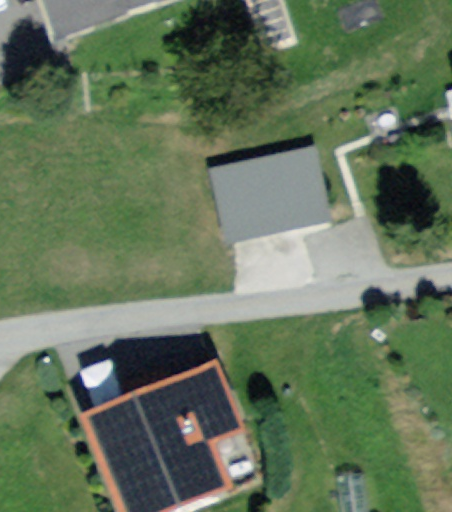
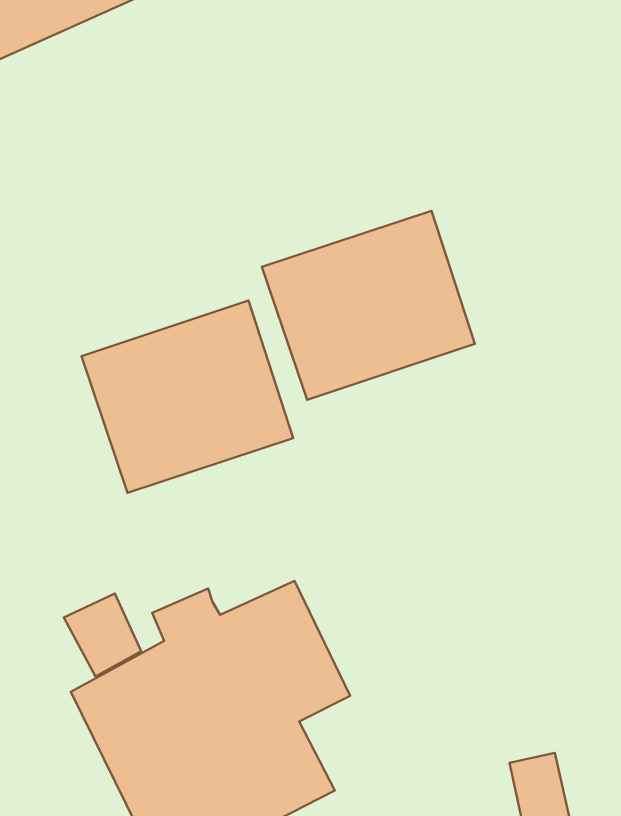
building: none -> [81,301,293,493]

